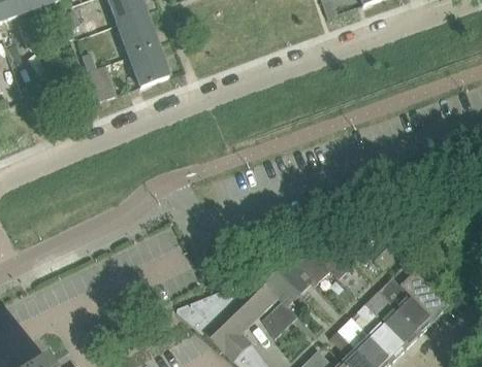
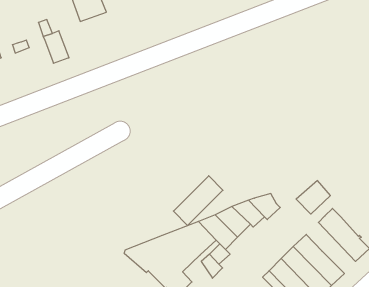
building: [128,43,168,86] -> none
building: none -> [173,176,223,226]
building: [379,276,433,333] -> none

